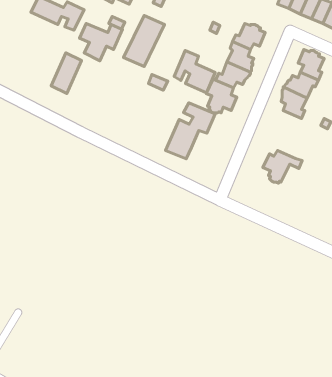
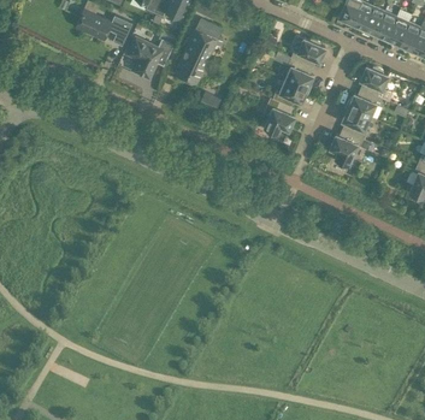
building: [174,50,215,93] -> none
building: [51,53,81,94] -> none
building: [166,103,215,159] -> none
building: [263,150,302,183] -> [326,129,368,164]

